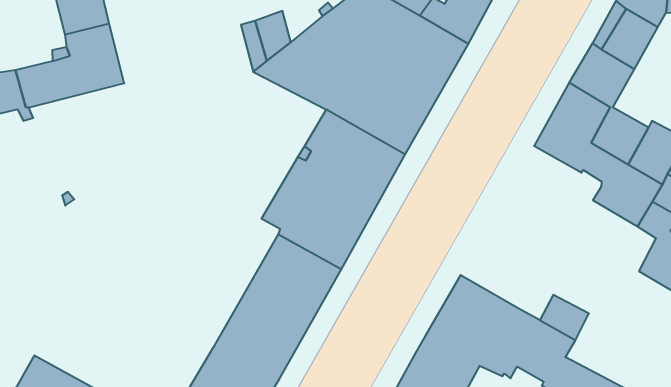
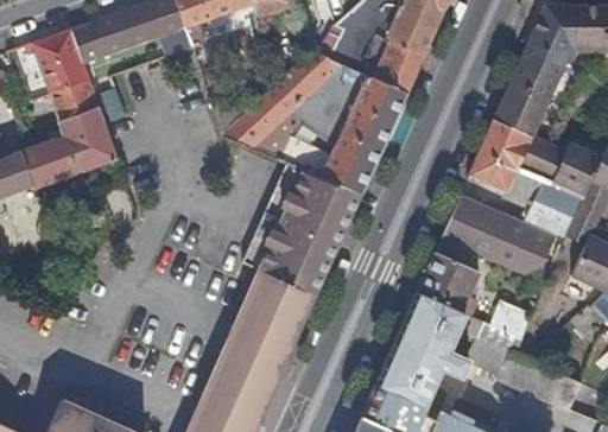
building: none -> [442,197,555,284]
building: none -> [418,253,481,317]

